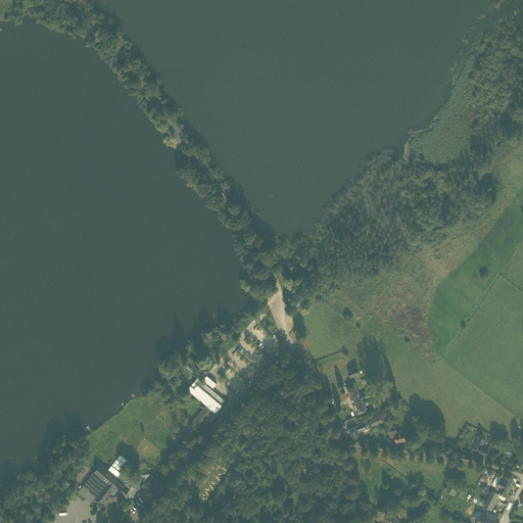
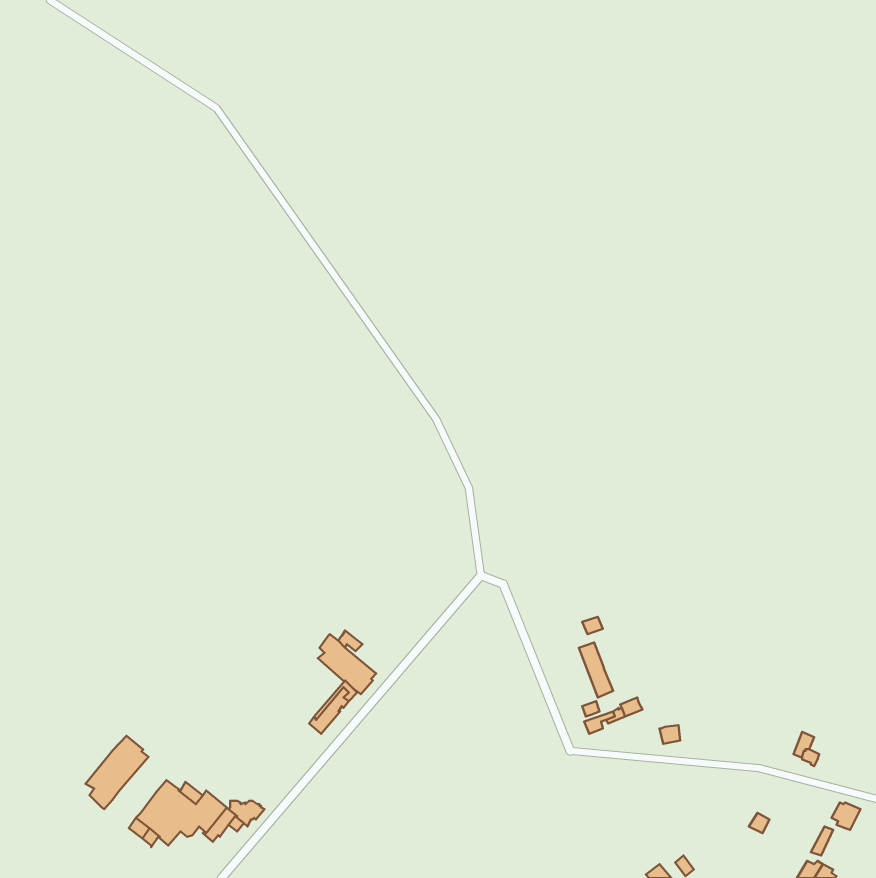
building: none -> [85,736,149,809]

